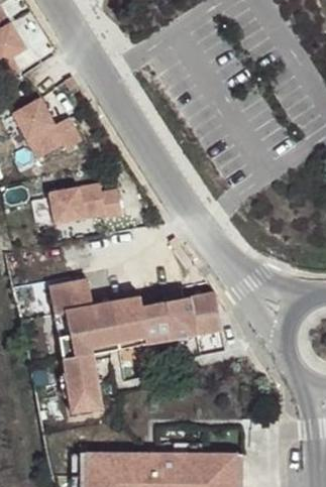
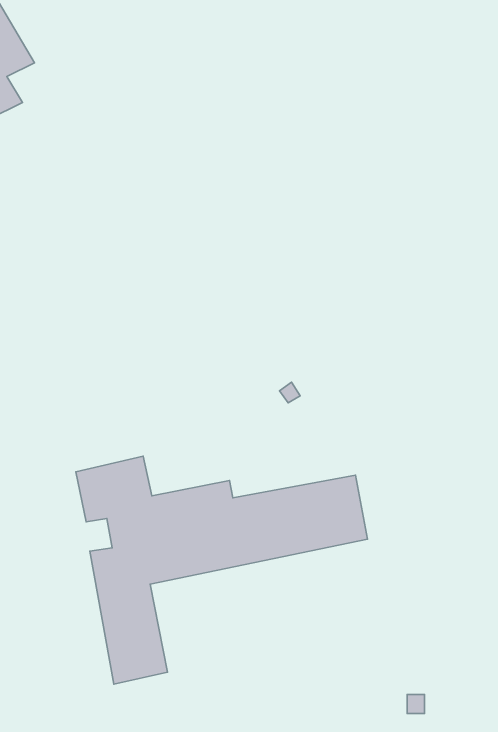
building: [12,100,82,161] -> none
building: [50,185,124,226] -> none

